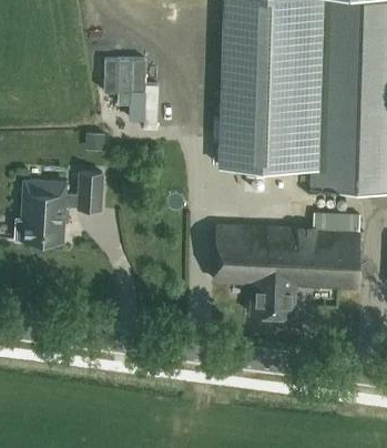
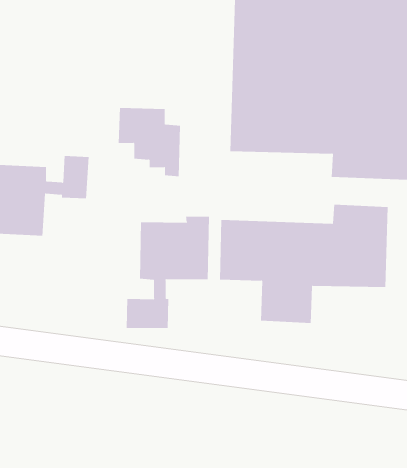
building: [101,58,155,118] -> [118,107,181,177]
building: none -> [126,216,210,329]

